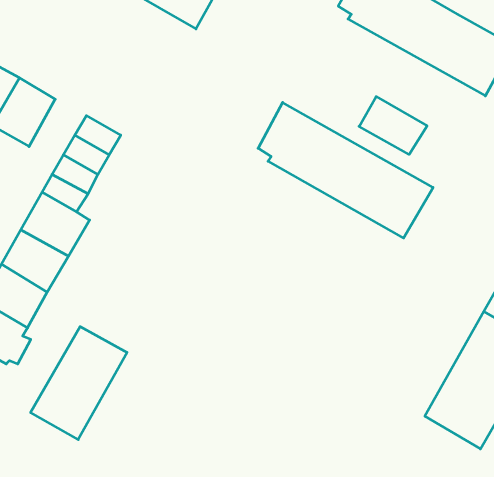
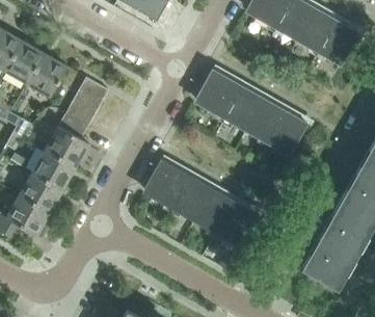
building: [359,97,427,154] -> none
building: none -> [144,159,257,245]
building: [31,327,127,440] -> none

